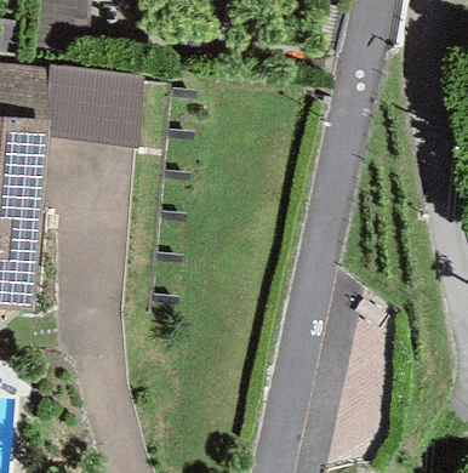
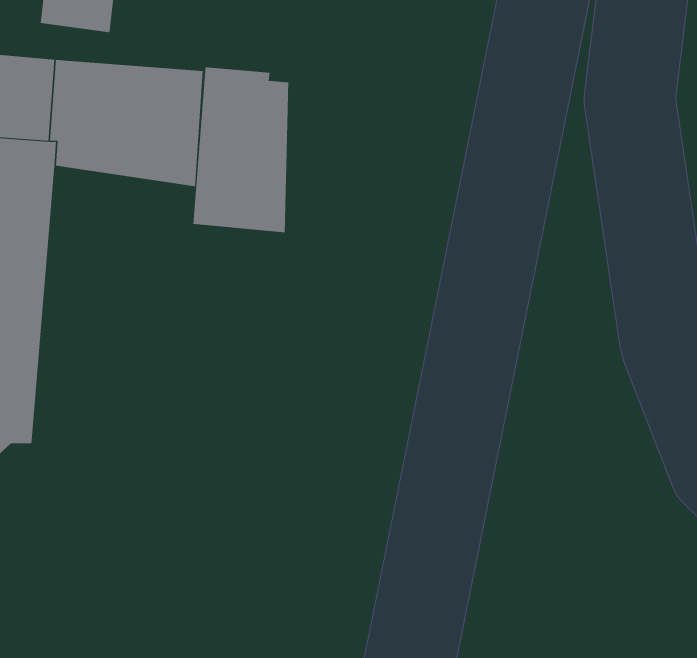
building: none -> [193,67,289,233]

